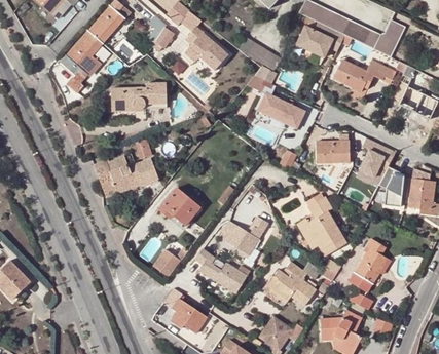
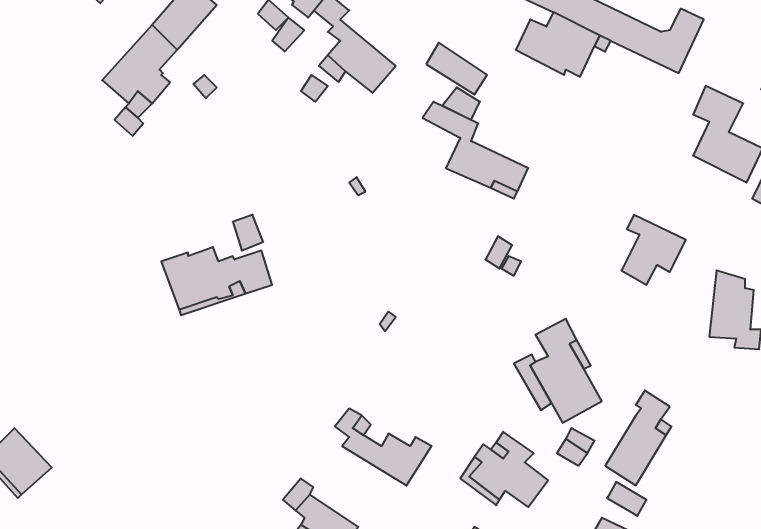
building: [333,60,396,91] -> none
building: [111,84,167,111] -> none
building: [316,135,350,165] -> none
building: [378,167,403,208] -> none
building: [158,189,199,226] -> none
building: [219,217,268,255] -> none
building: [155,246,184,276] -> none

